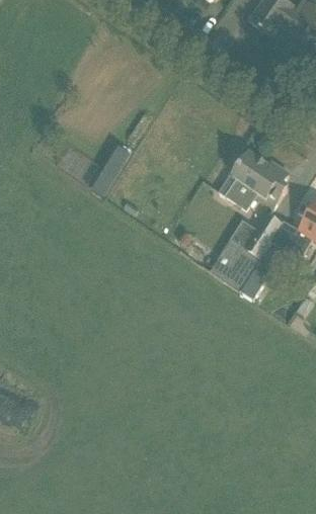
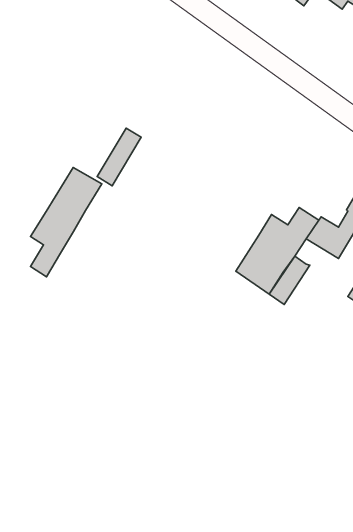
building: [218,150,288,207] -> none
building: none -> [30,168,102,277]

